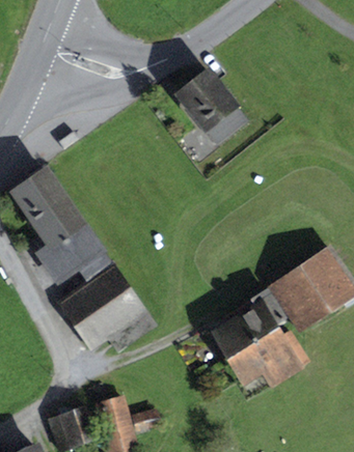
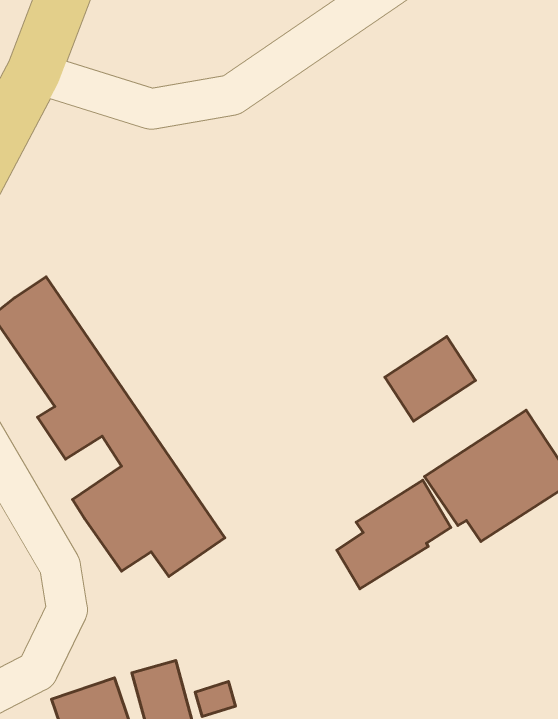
building: [179,72,244,141] -> none
building: none -> [385,337,475,421]
building: [230,329,306,385] -> none

